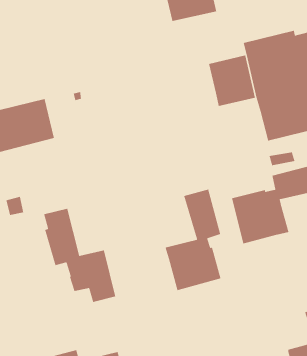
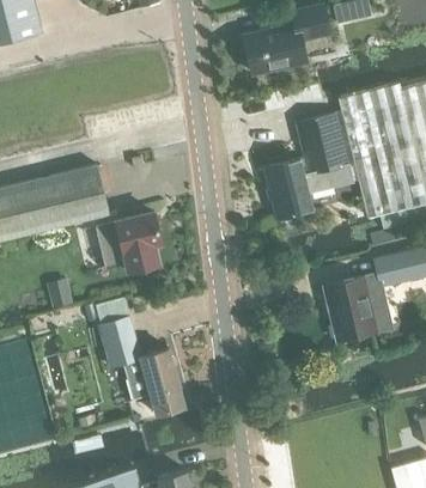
building: none -> [266,159,358,219]
building: none -> [96,213,163,272]
building: [165,189,221,291] -> none

